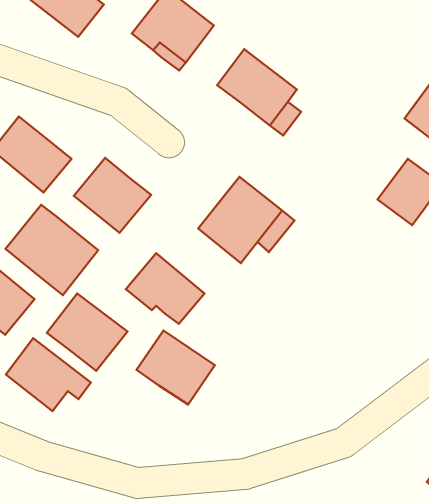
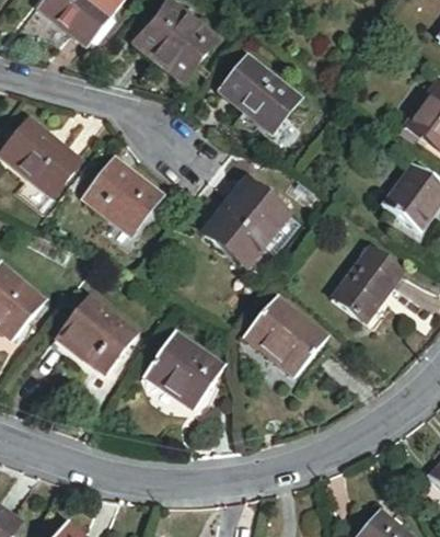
building: [5,205,98,295] -> none
building: none -> [333,251,402,323]
building: [126,253,204,324] -> [245,297,322,366]
building: [6,338,91,411] -> none

